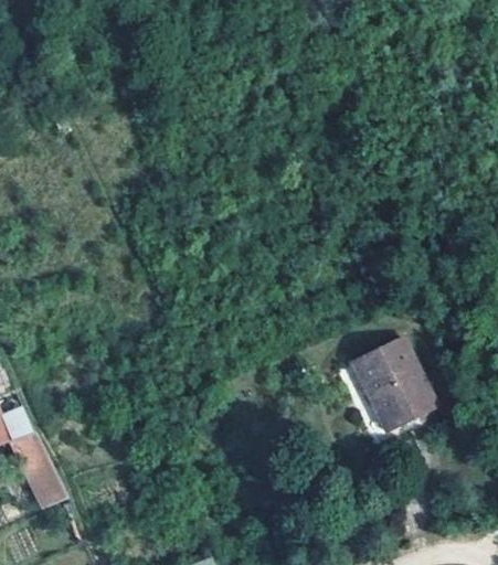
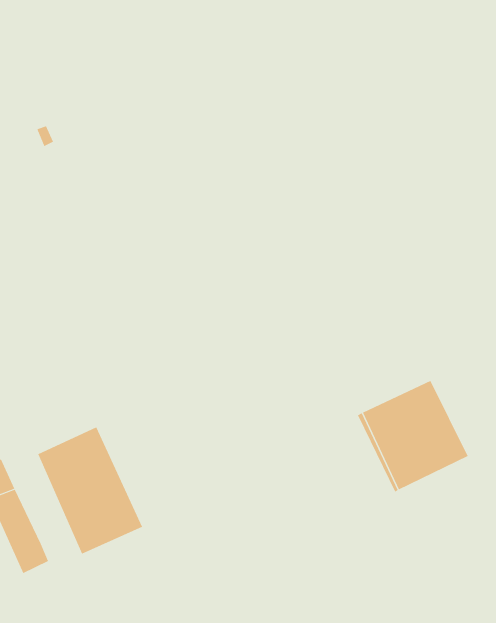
building: none -> [37,427,143,554]

